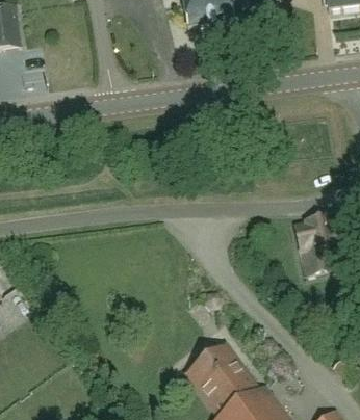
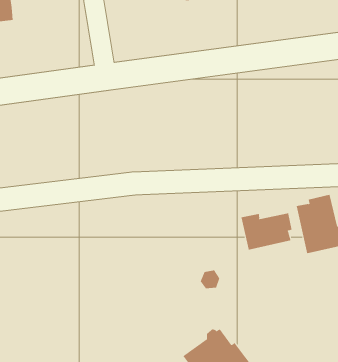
building: none -> [241,212,292,251]

